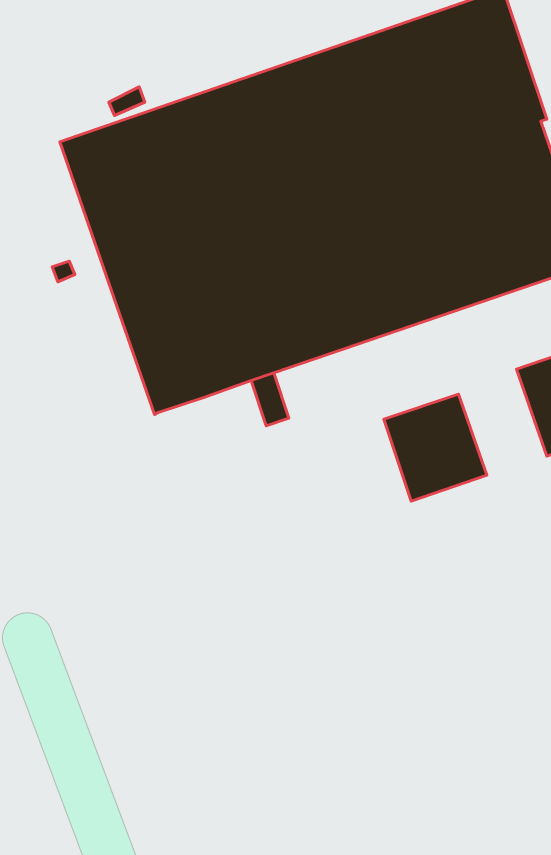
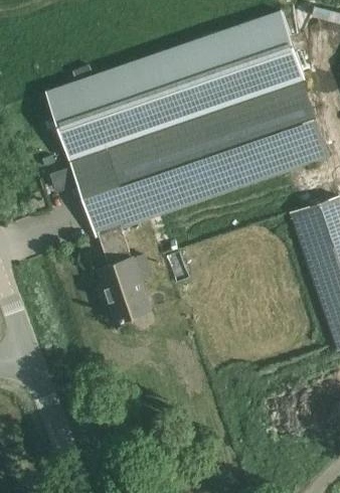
building: [384,394,487,501] -> none
building: none -> [98,227,150,322]

